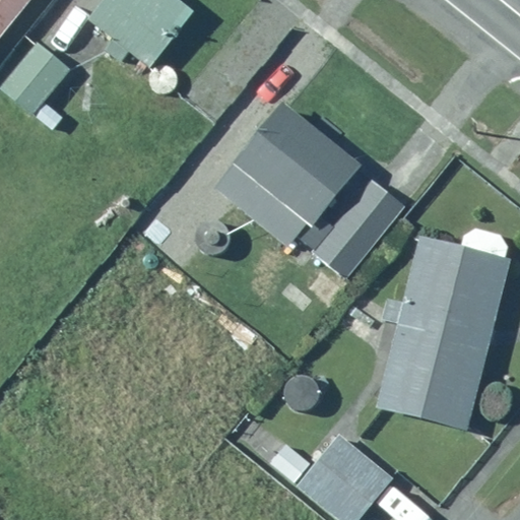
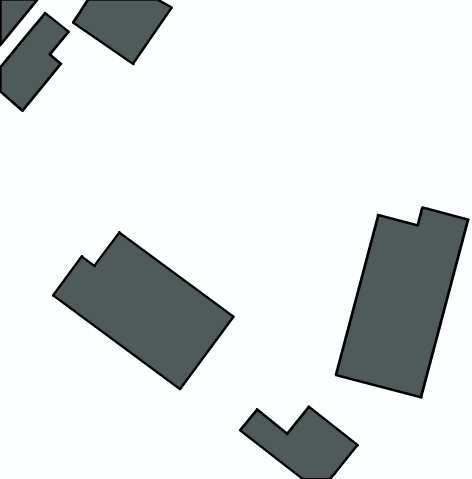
building: [235,102,403,279] -> none
building: none -> [53,232,233,389]

